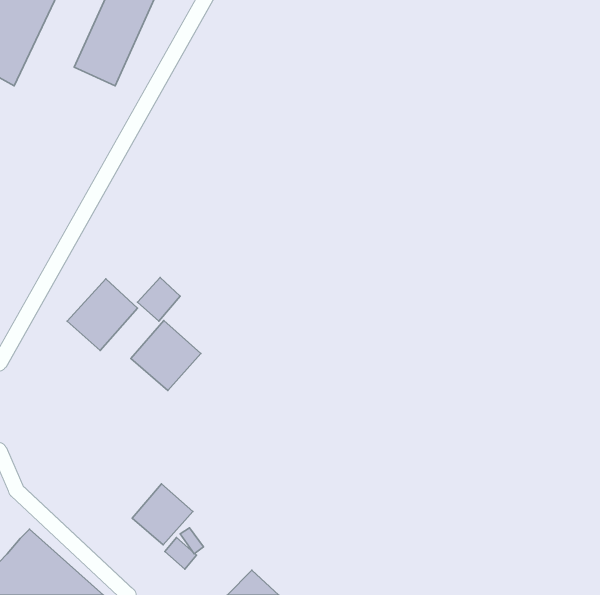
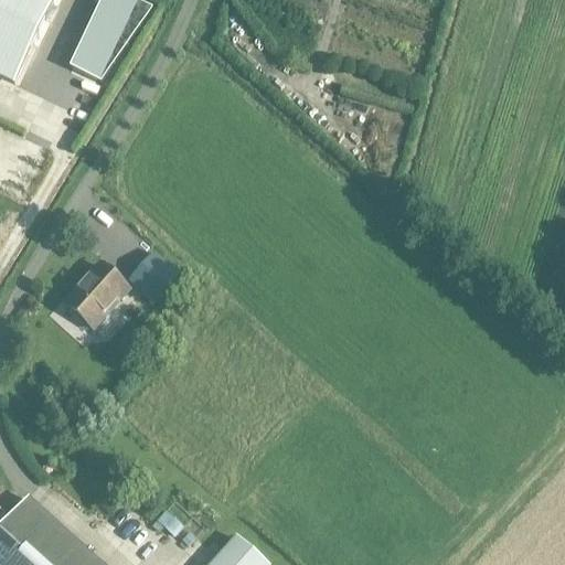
building: [131,320,201,390] -> none
building: [132,484,193,545] -> none

